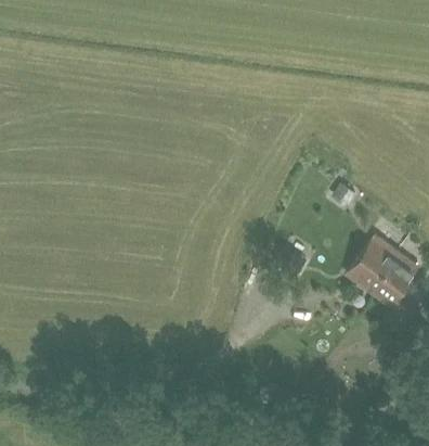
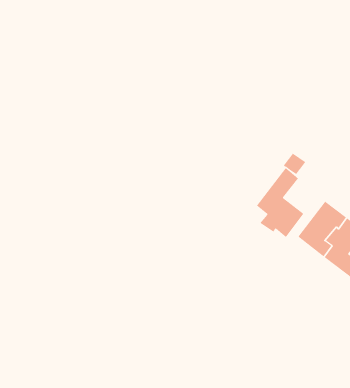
building: none -> [256,167,304,238]

